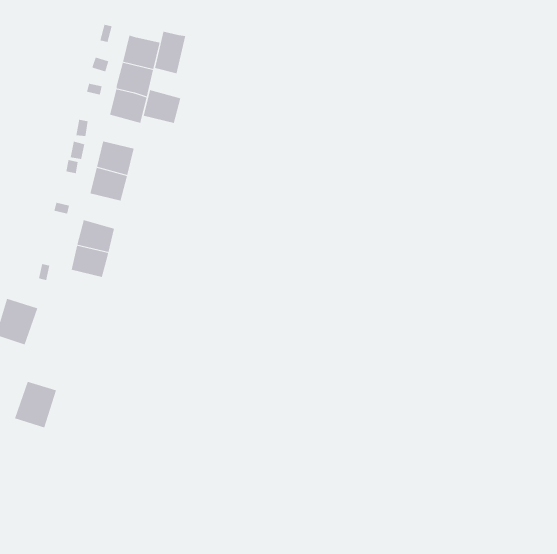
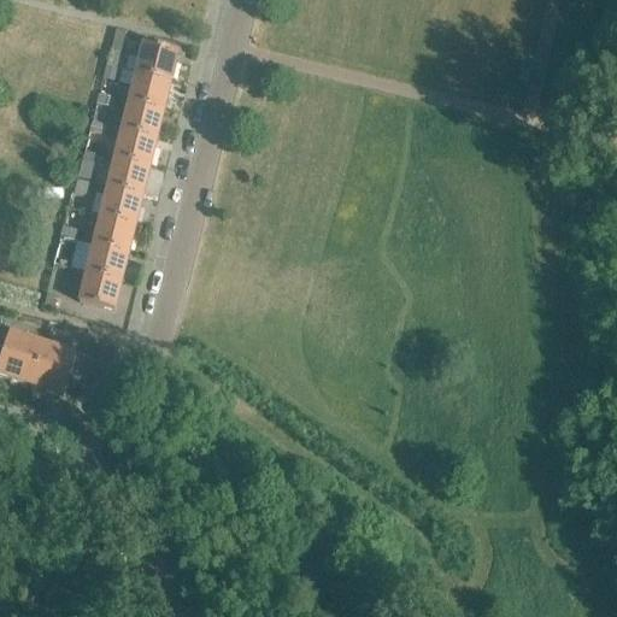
building: [154,31,186,74] -> none
building: [143,90,181,123] -> [113,127,155,164]
building: none -> [92,213,134,252]
building: [14,381,57,428] -> [28,340,75,392]

